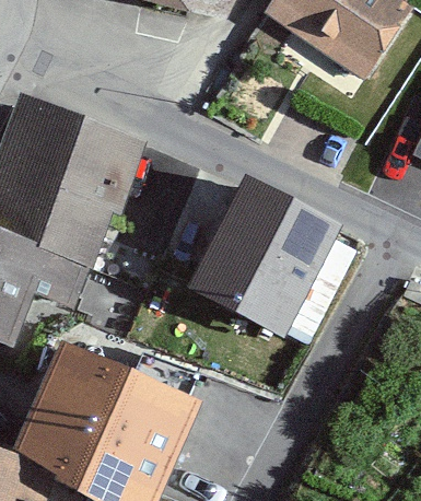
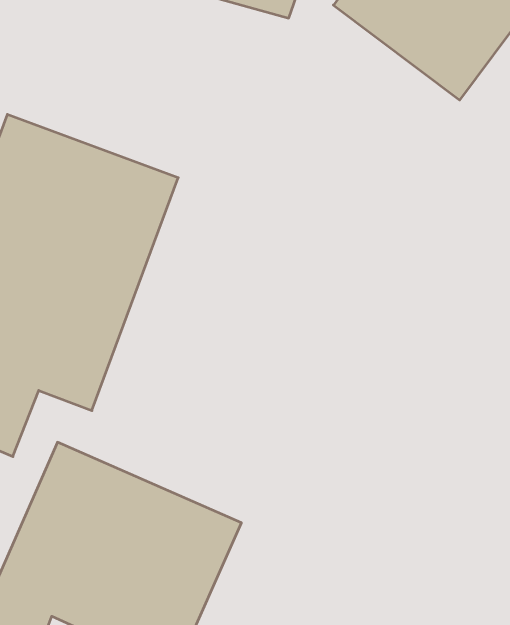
building: [191,179,343,331] -> none

